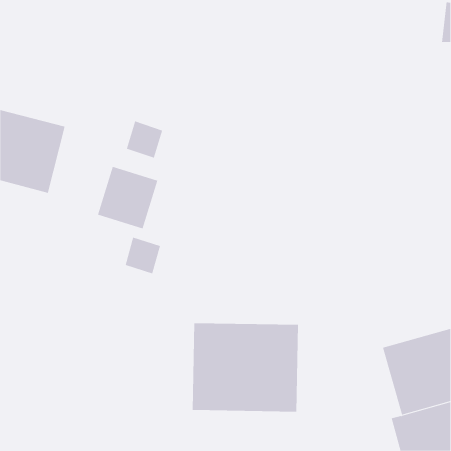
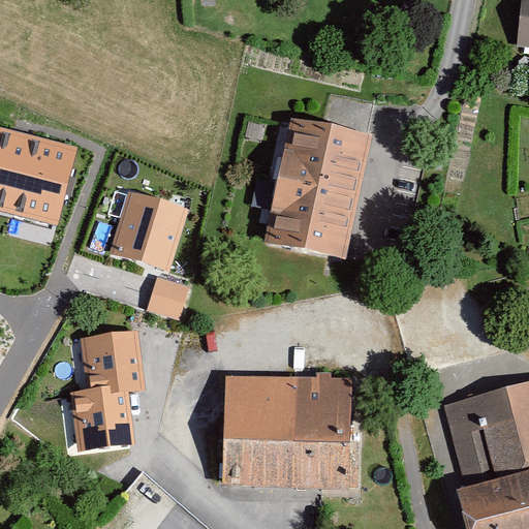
building: none -> [271,120,364,248]
building: [126,121,163,159] -> none
building: none -> [73,334,143,447]

